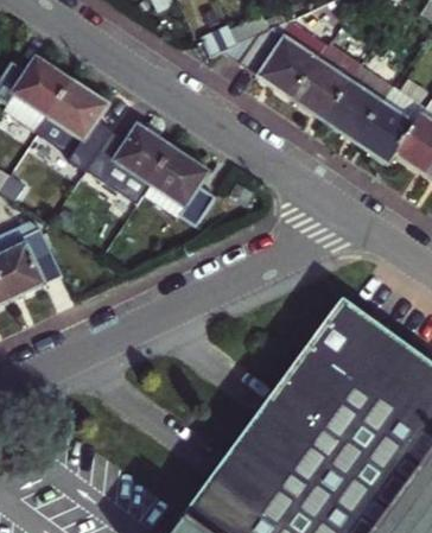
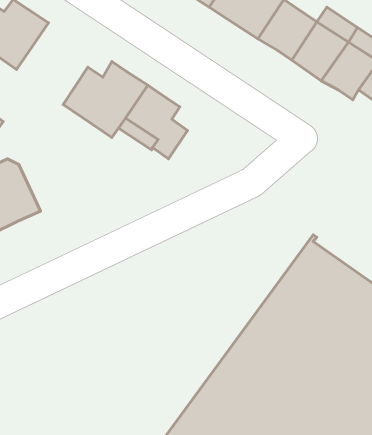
building: [32,78,112,170] -> none

